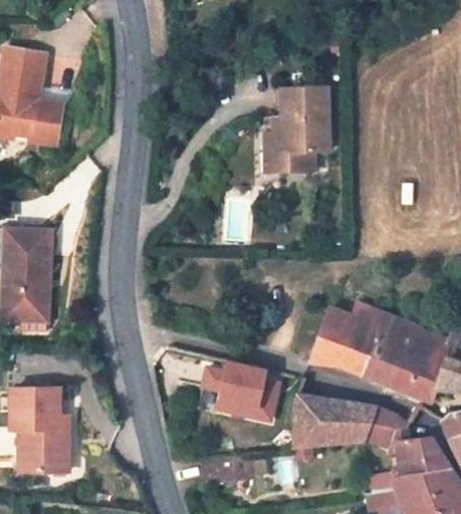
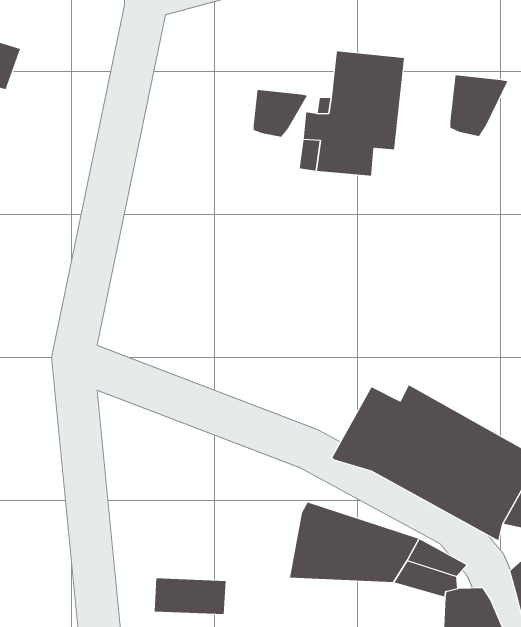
building: none -> [450,74,508,137]
building: none -> [253,89,308,138]
building: [201,358,285,423] -> none

